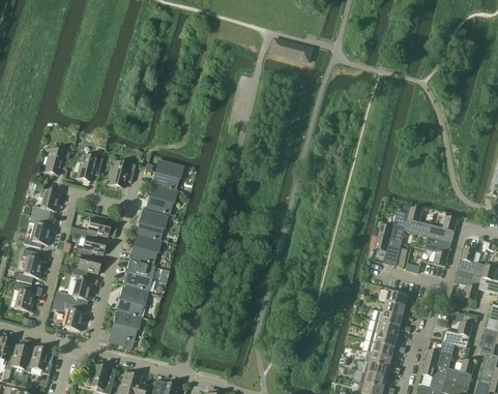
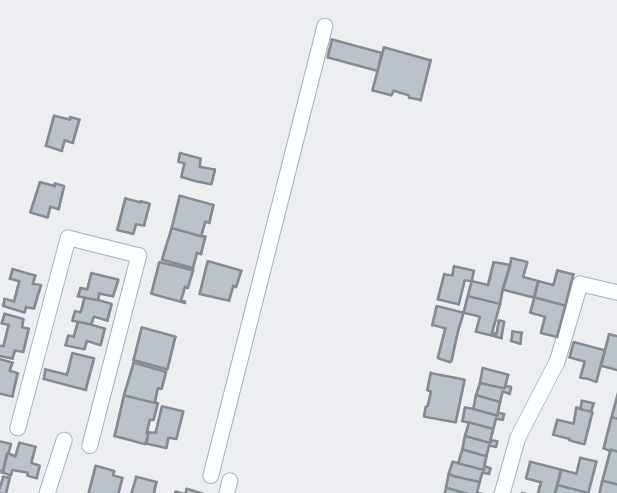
building: none -> [373,47,431,100]
building: none -> [179,153,215,184]
building: [78,154,104,181] -> [46,116,80,151]
building: [31,189,61,219] -> none
building: none -> [438,266,474,305]
building: [130,233,163,263] -> [199,261,242,301]
building: none -> [432,306,463,362]
building: [459,246,486,276] -> none
building: none -> [424,373,464,422]
building: [52,298,87,330] -> none
building: none -> [146,406,183,448]
building: [426,340,456,367] -> none

